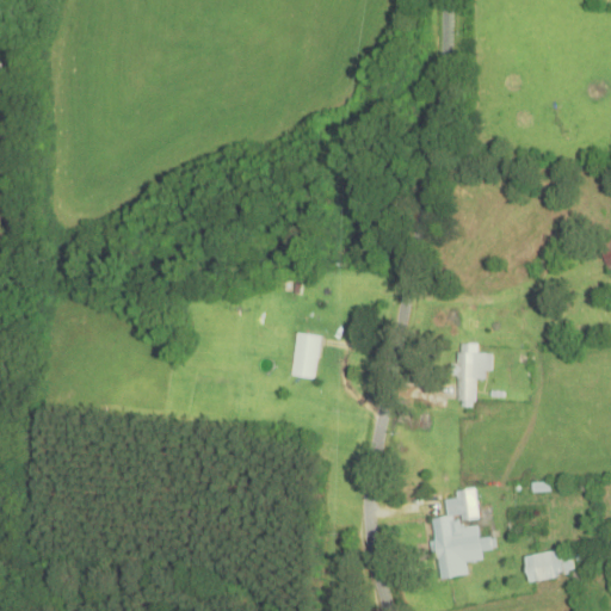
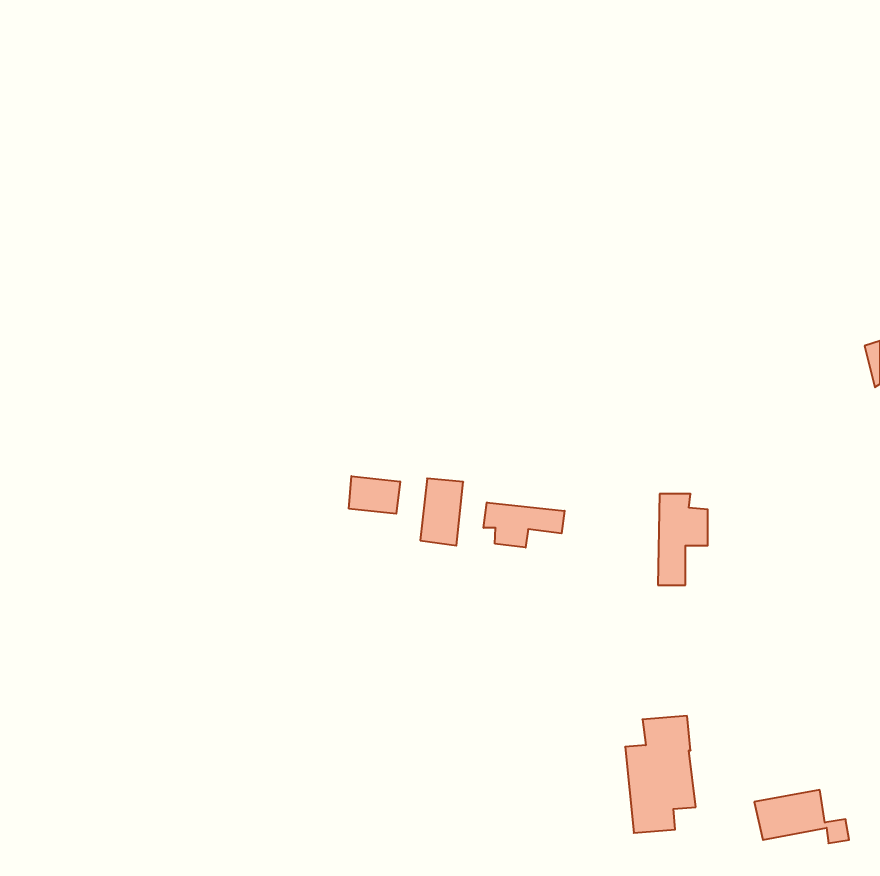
building: none -> [349,476,400,514]
building: none -> [484,502,565,548]

